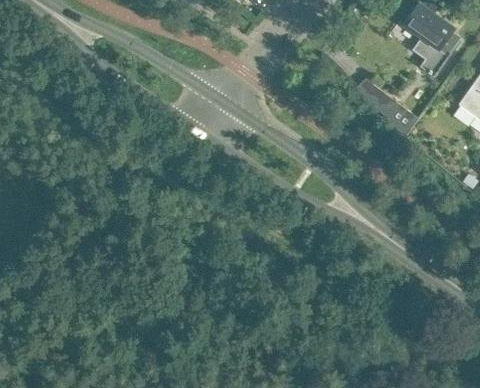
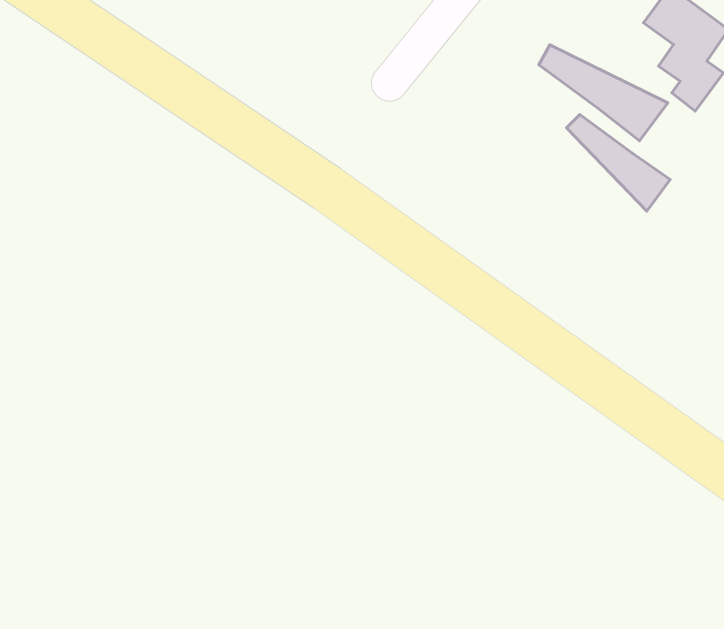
building: none -> [539,45,668,141]

